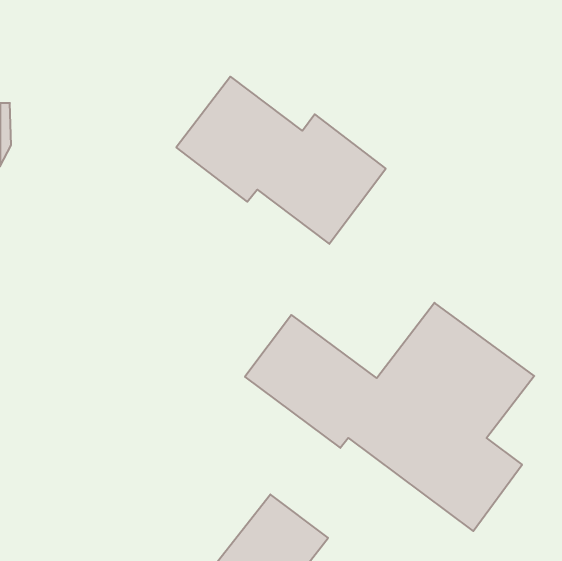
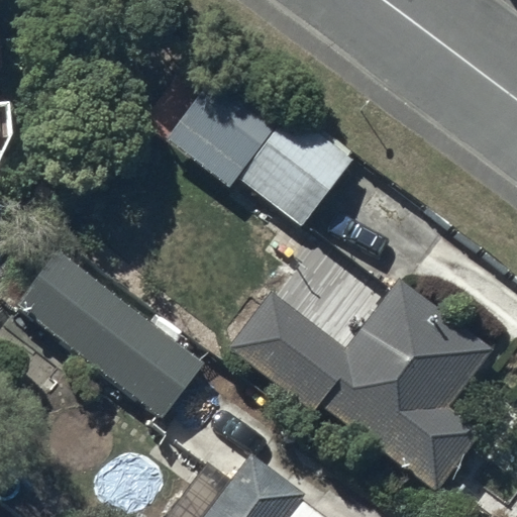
building: none -> [14,248,206,418]

